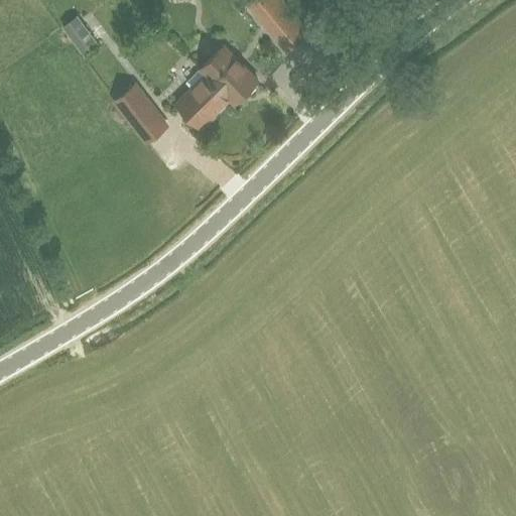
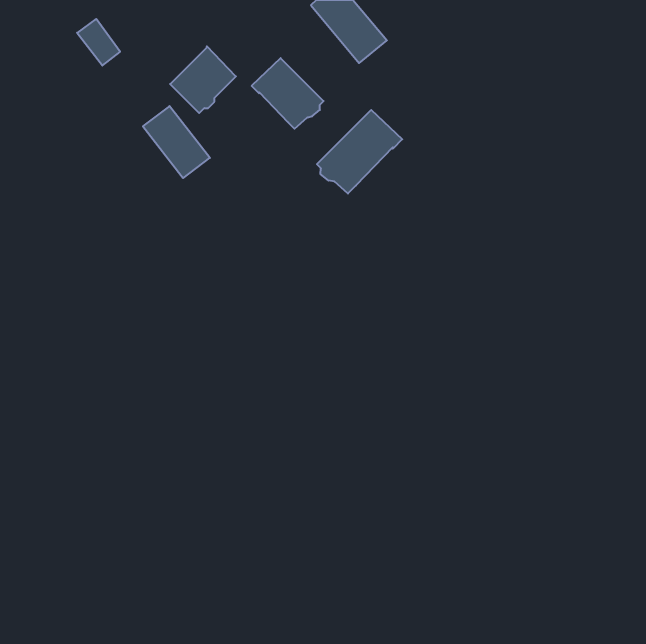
building: [177,75,230,128] -> [170,46,236,113]
building: none -> [317,110,402,194]

